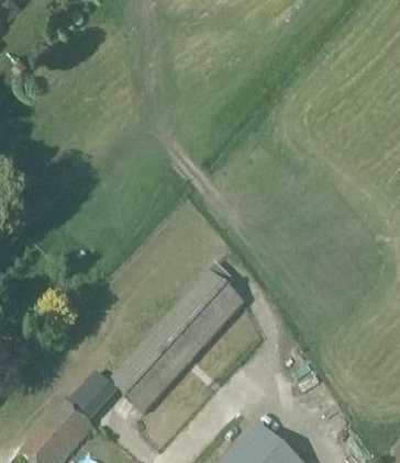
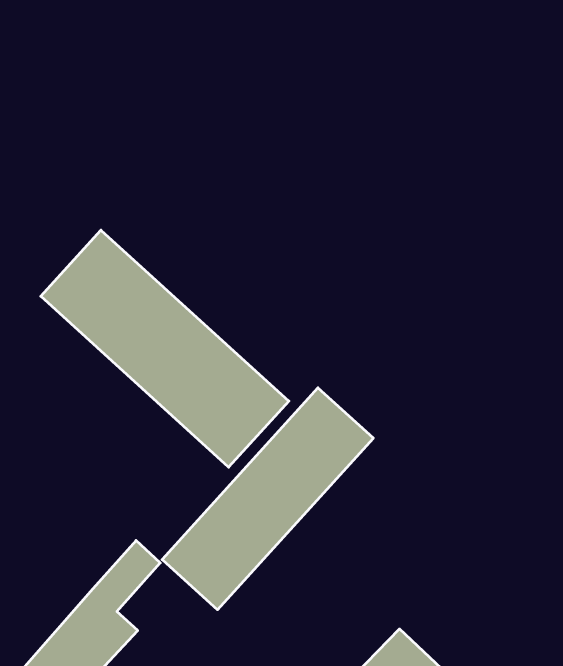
building: none -> [41,230,289,467]

